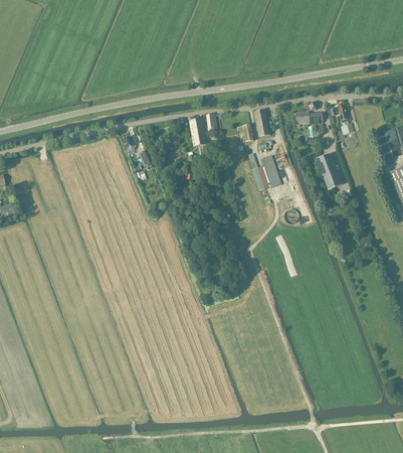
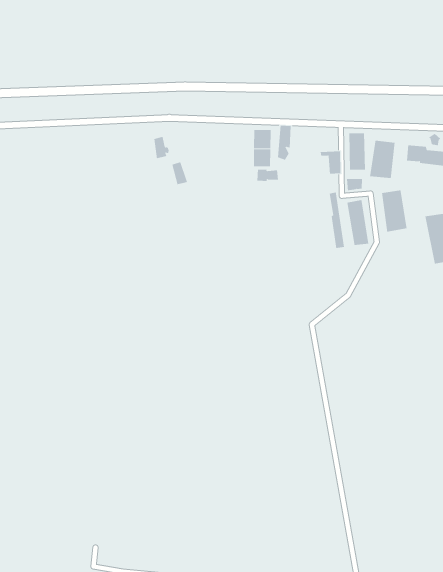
building: none -> [370,140,395,179]
building: none -> [382,190,407,233]

